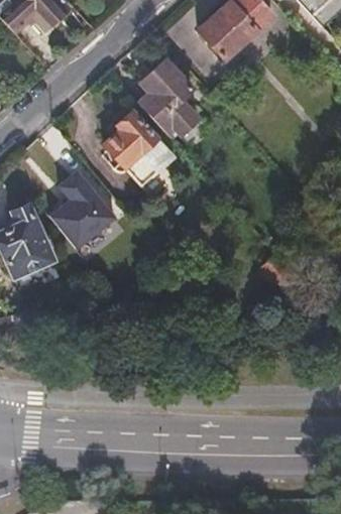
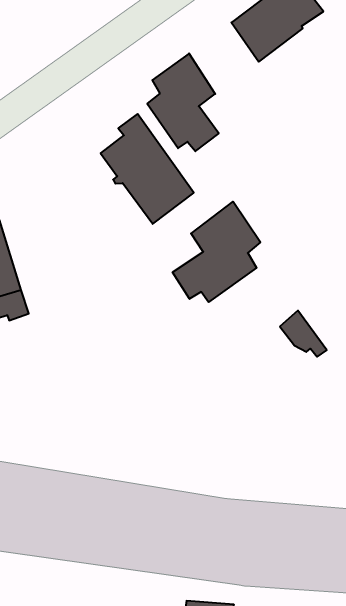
building: none -> [173,202,260,302]
building: [48,171,113,248] -> none

